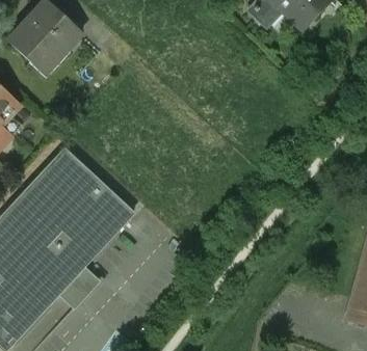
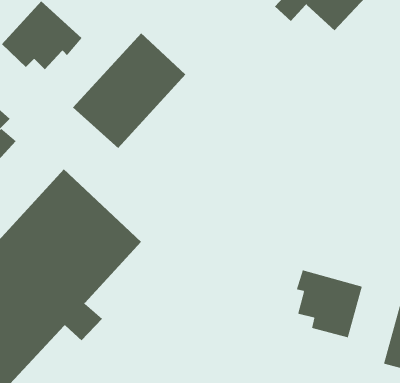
building: none -> [72,32,186,149]
building: none -> [296,270,363,338]

